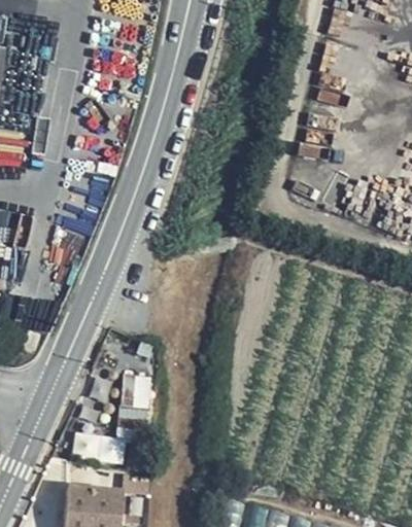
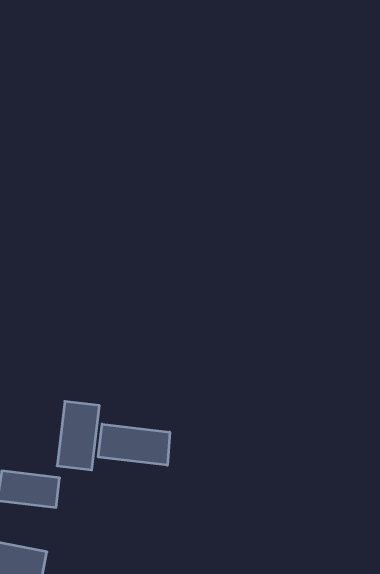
building: none -> [98,424,170,465]

